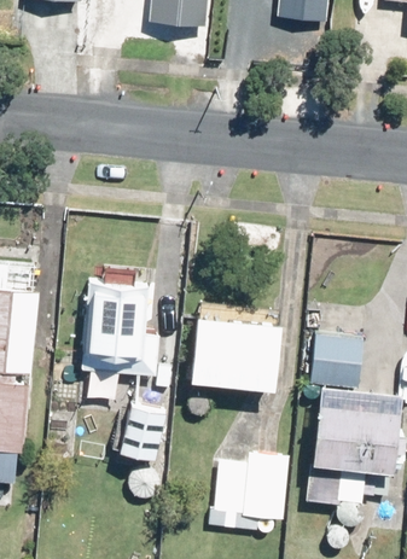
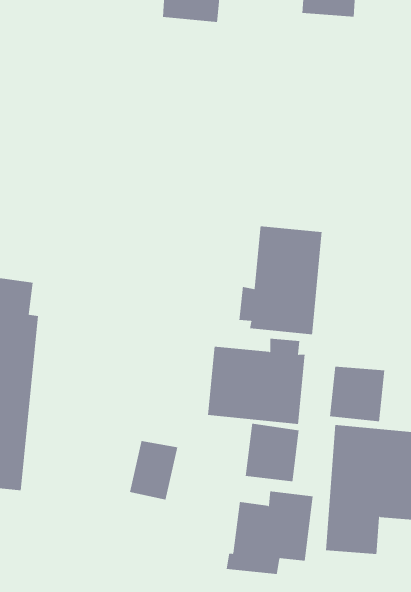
building: none -> [239,226,322,335]
building: [83,269,161,374] -> none
building: none -> [245,423,299,482]

